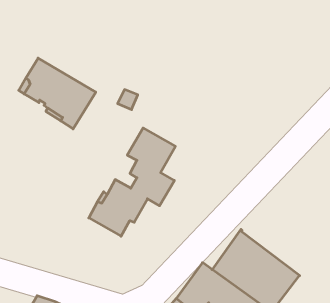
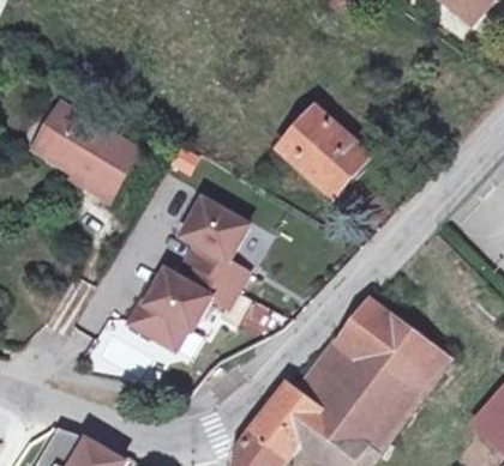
building: none -> [281,108,367,193]
building: none -> [338,299,449,400]

